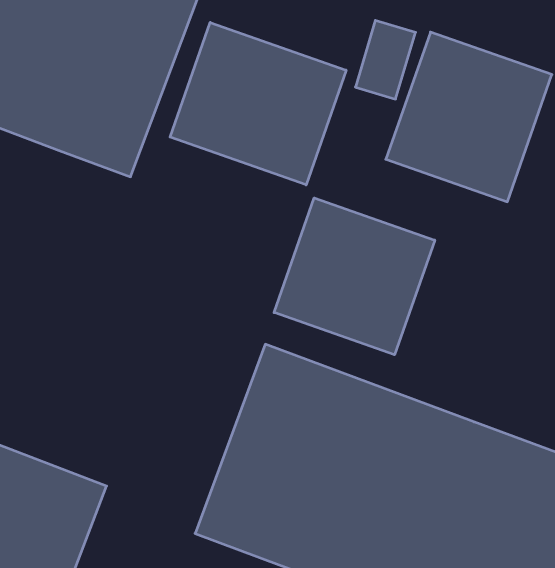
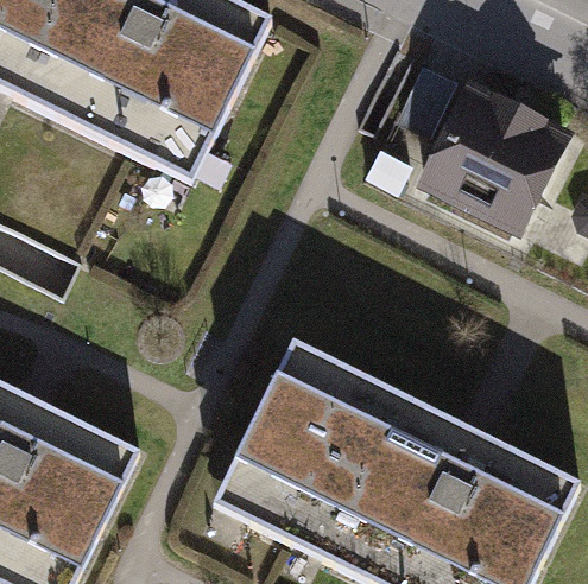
building: [170,22,346,185] -> none
building: [274,198,435,355] -> none

